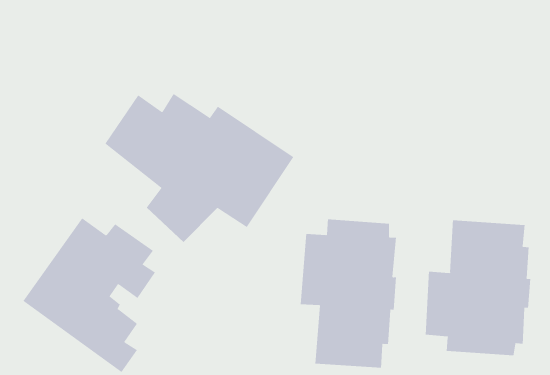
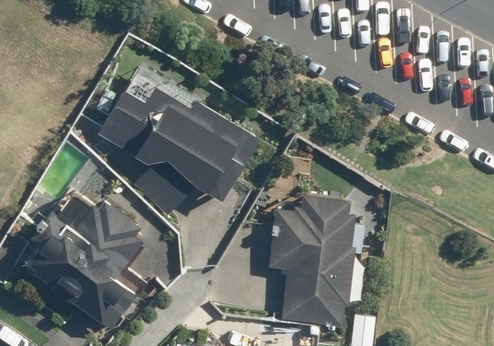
building: [425,219,531,356] -> none

